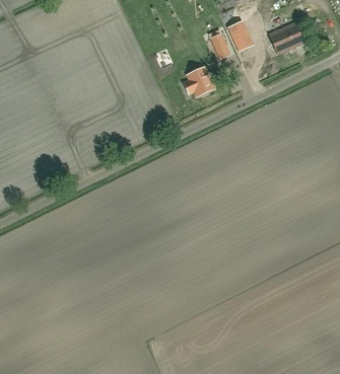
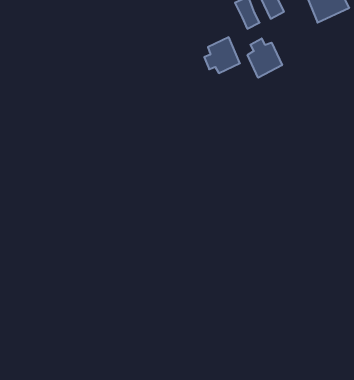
building: none -> [248,38,282,78]

